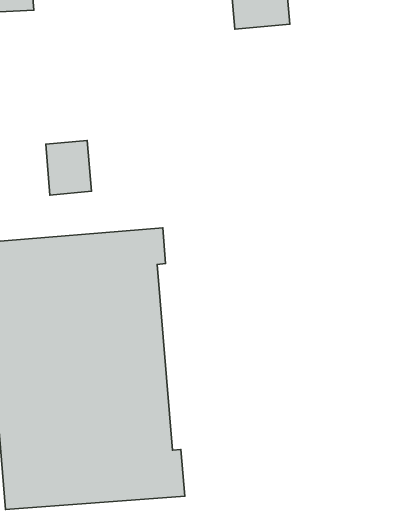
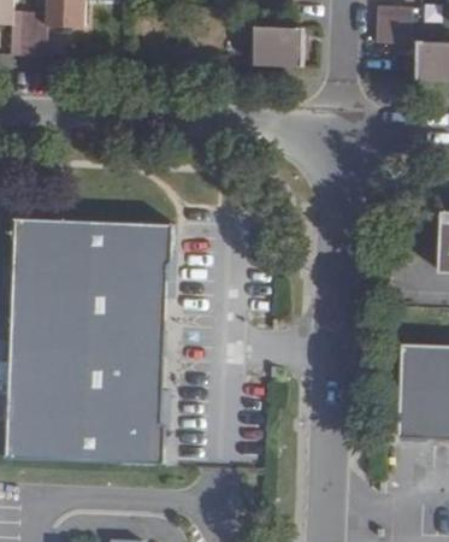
building: [46,140,92,195] -> none

